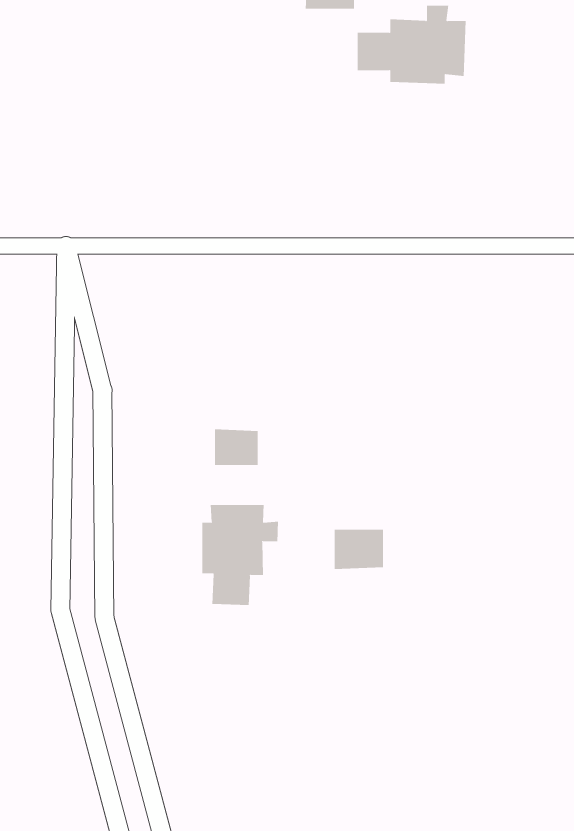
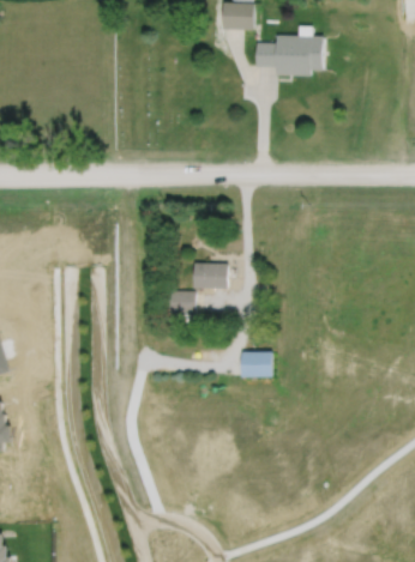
building: none -> [193,262,227,288]
building: [202,504,279,606] -> none

